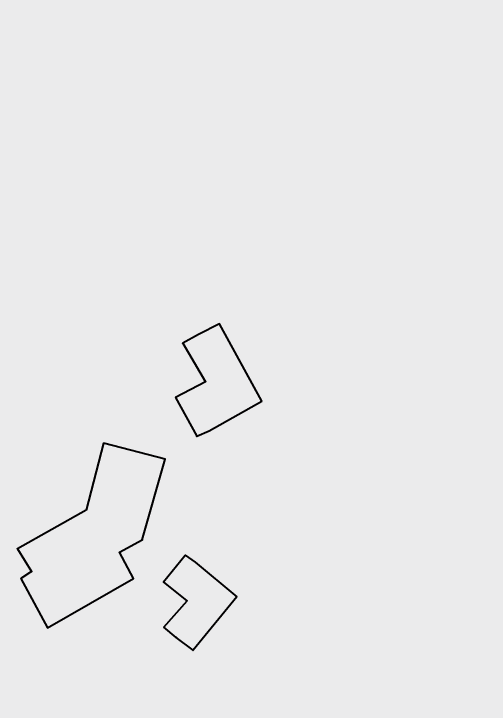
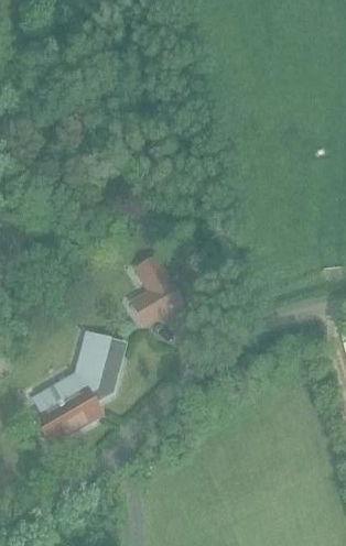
building: [164,555,237,650] -> none

